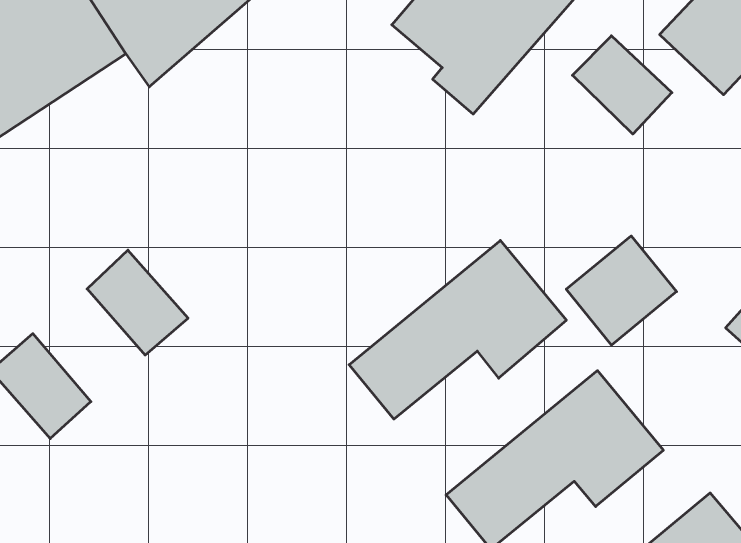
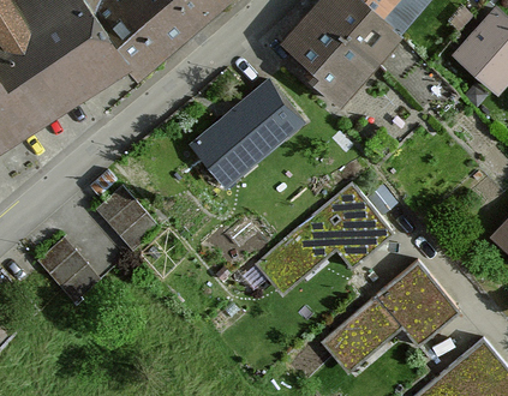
building: [572,36,672,134] -> none
building: none -> [190,80,303,187]
building: [566,236,677,345] -> none

